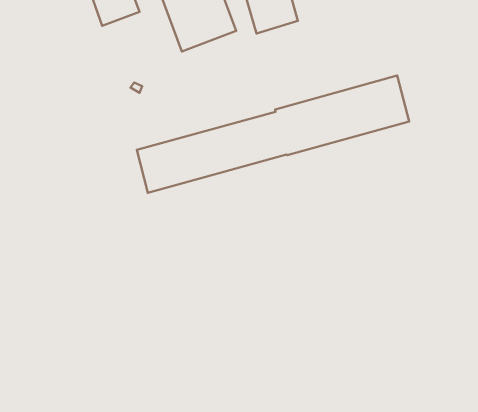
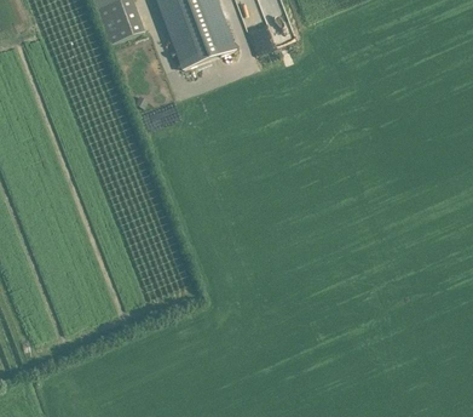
building: [137,76,409,193] -> none

